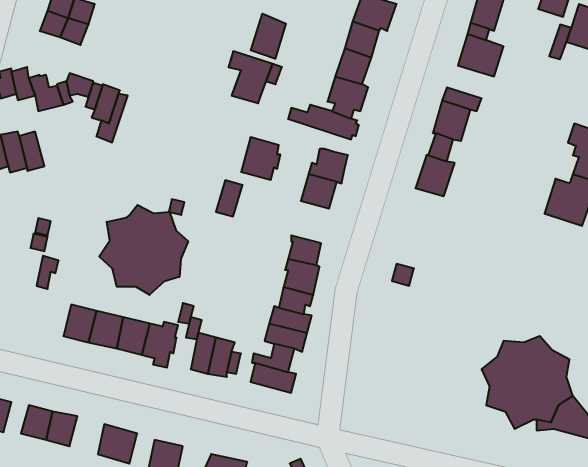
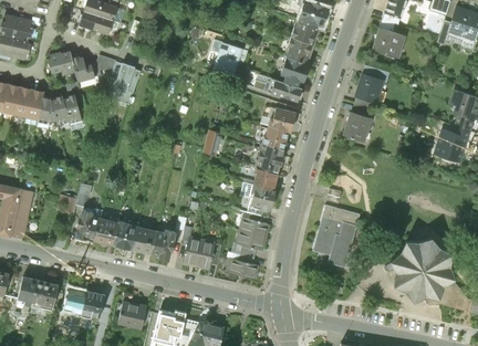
building: [251,14,286,59] -> none
building: [241,137,280,180] -> [254,145,282,175]
building: [99,205,188,295] -> none
building: none -> [312,206,358,269]
building: none -> [75,210,100,240]

